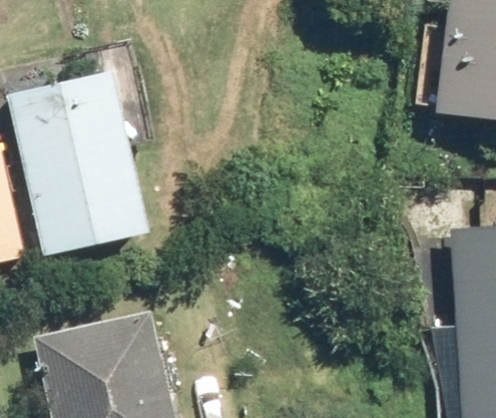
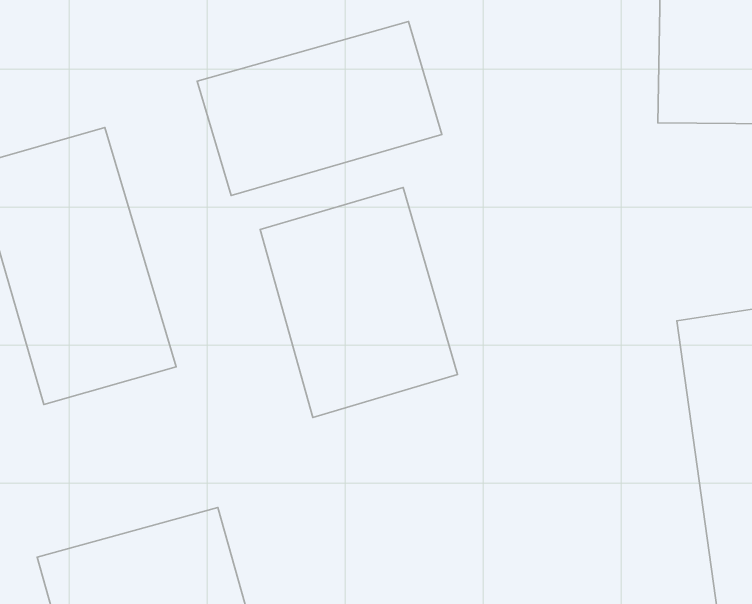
building: none -> [197,21,442,196]
building: none -> [260,187,457,417]

